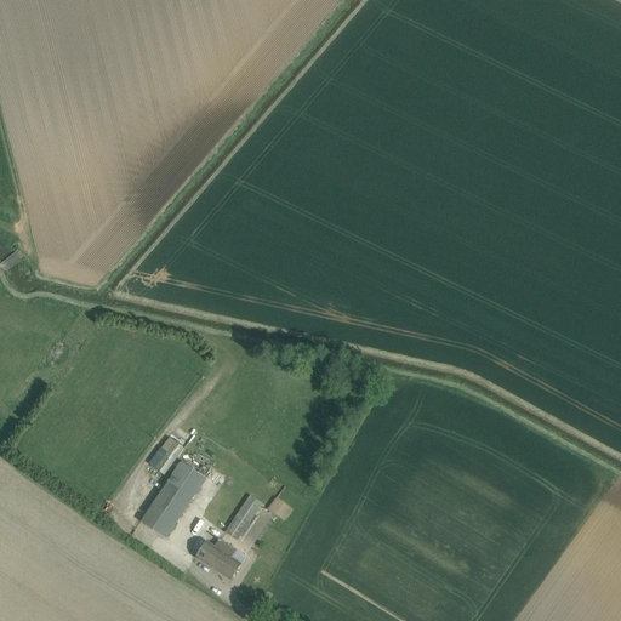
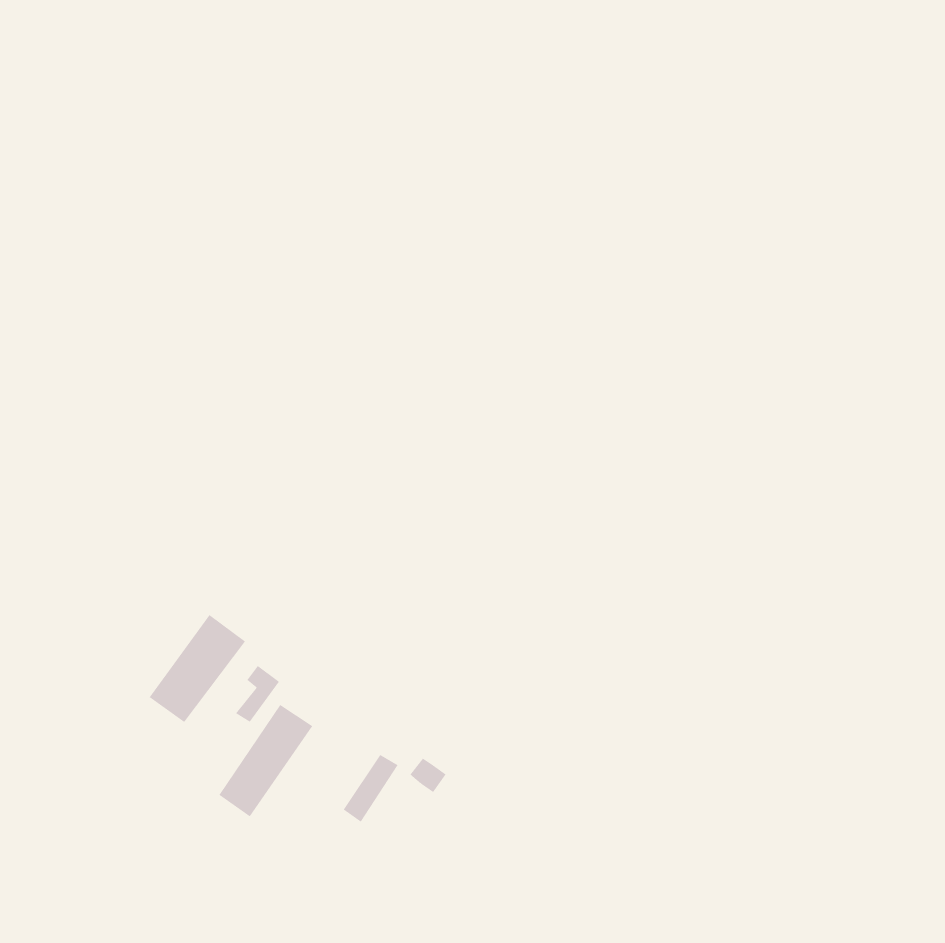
building: none -> [149,614,246,723]
building: [195,537,241,579] -> none

